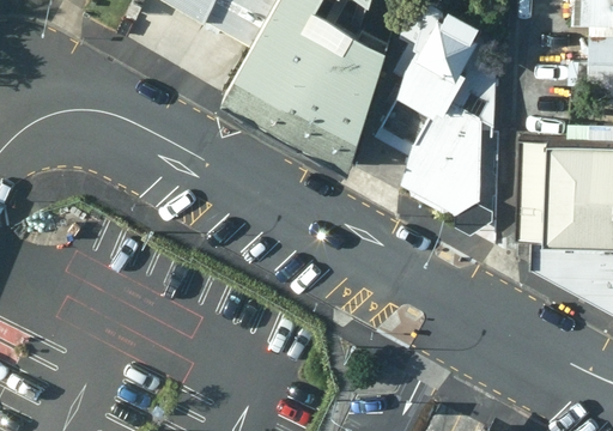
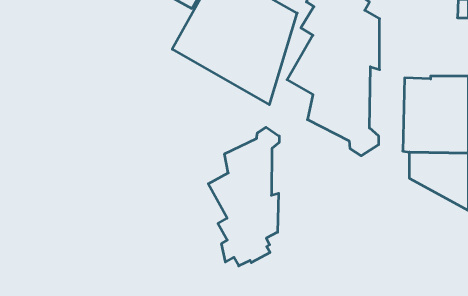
building: none -> [208,127,279,266]

